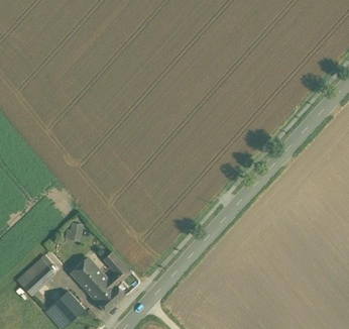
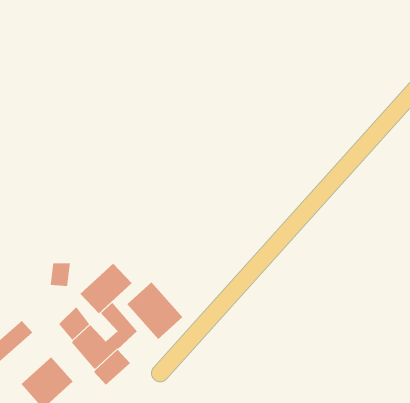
building: none -> [80,263,133,314]
building: none -> [126,282,183,340]

